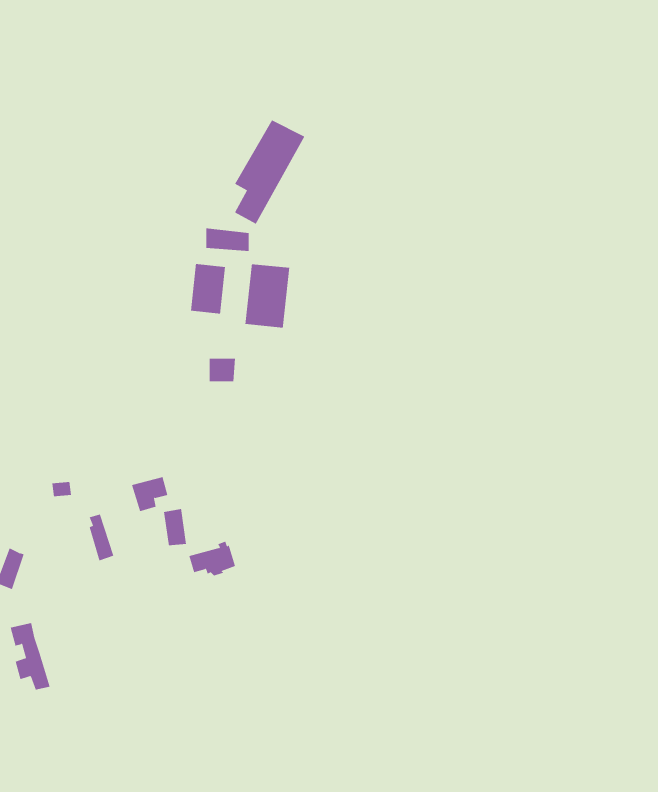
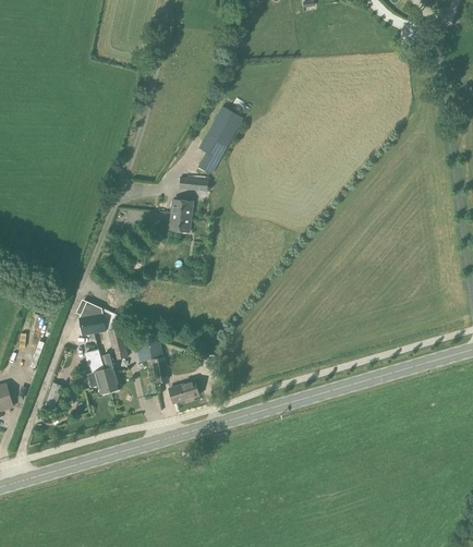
building: [245,263,290,328] -> none
building: none -> [80,301,107,336]
building: [10,622,50,690] -> [85,350,111,393]

